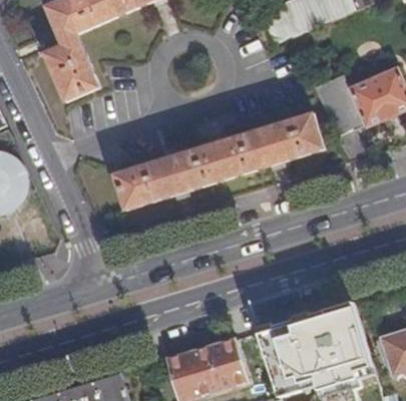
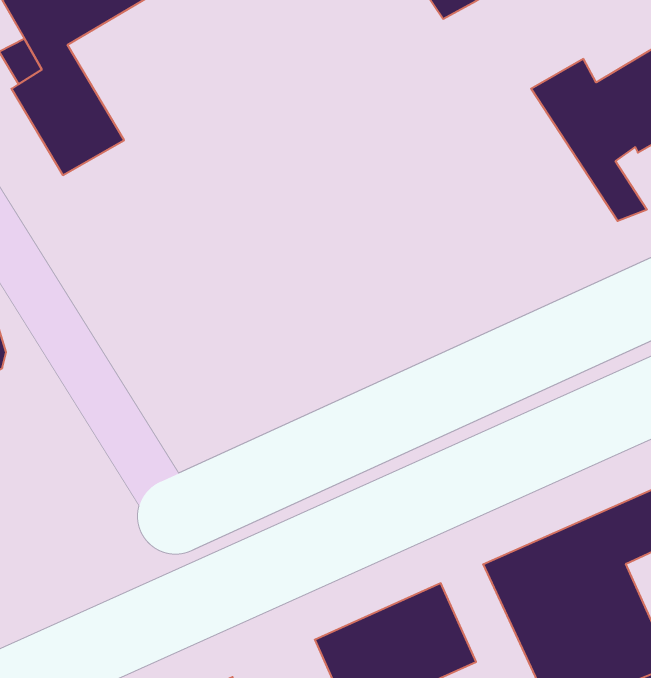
building: [115,112,325,209] -> none

